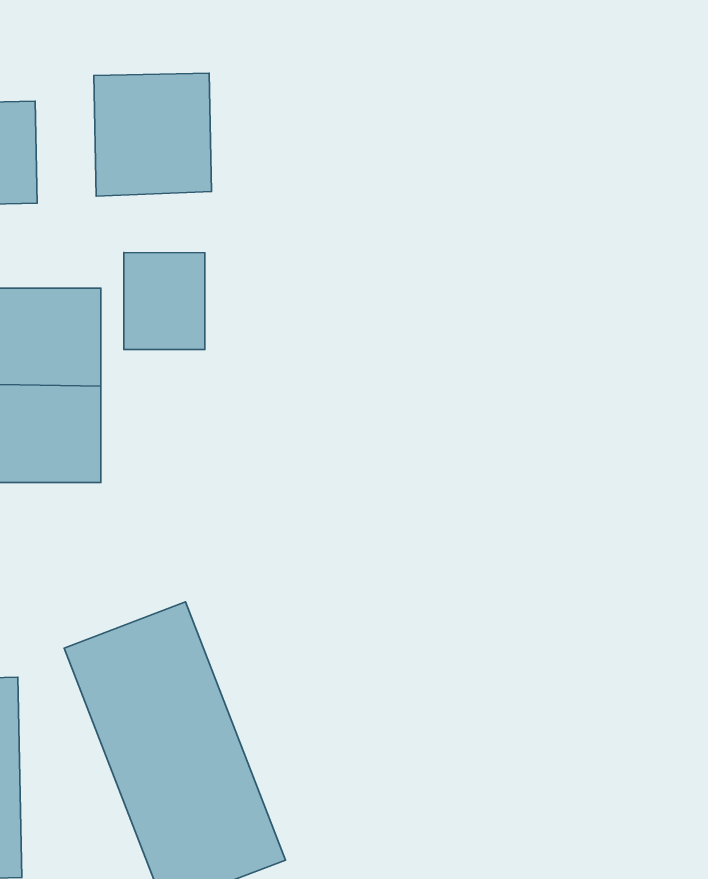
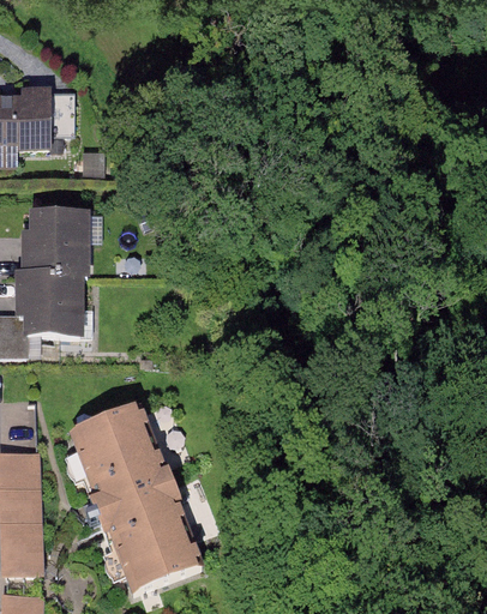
building: [94,73,211,196] -> none
building: [124,253,205,350] -> none

